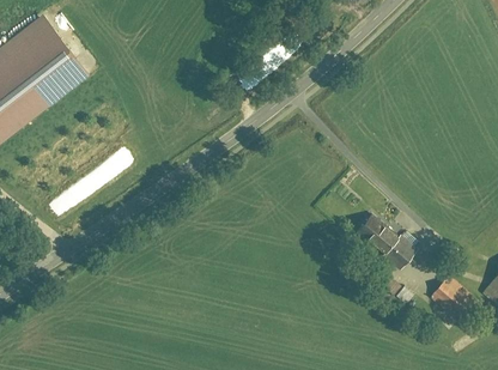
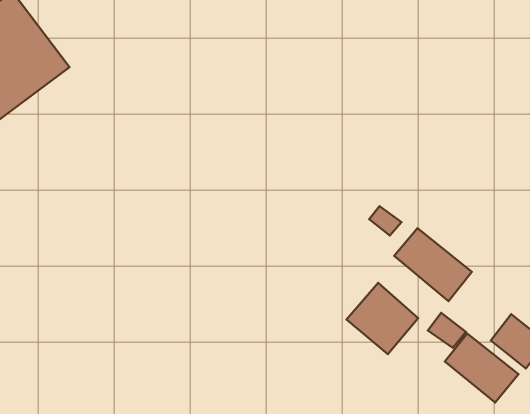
building: none -> [346,283,418,354]
building: none -> [445,333,519,403]

